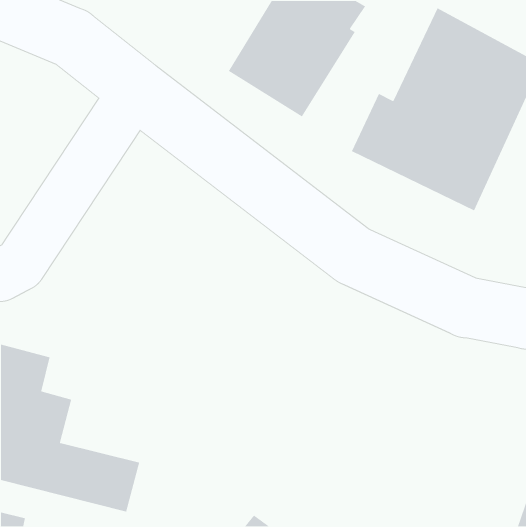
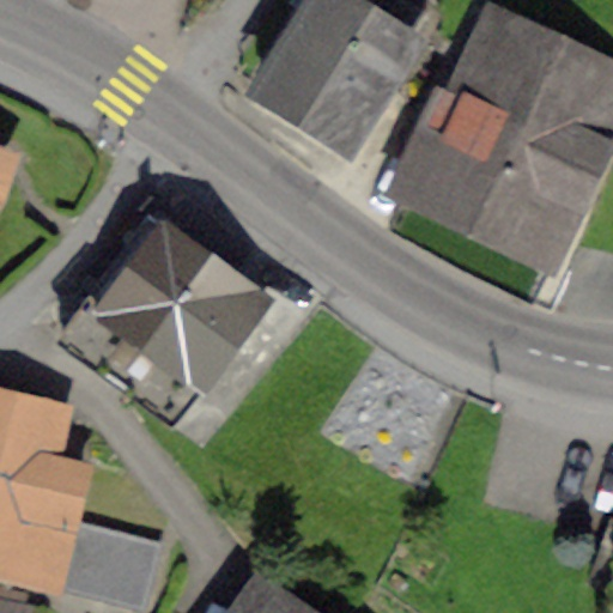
building: none -> [62,214,266,417]

